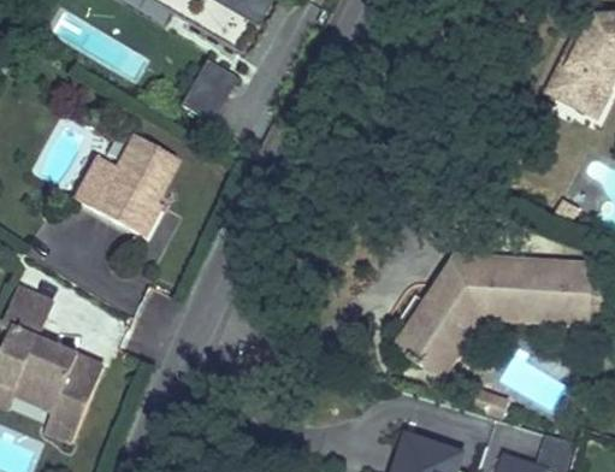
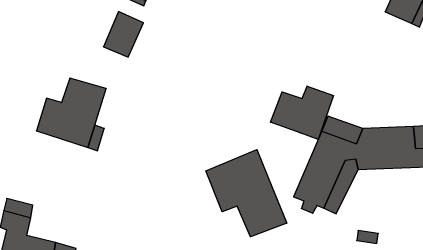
building: none -> [271,86,334,139]
building: none -> [206,150,287,237]

